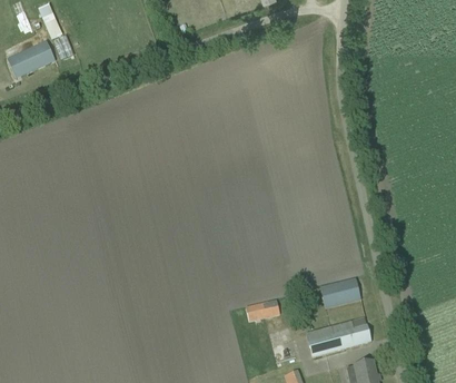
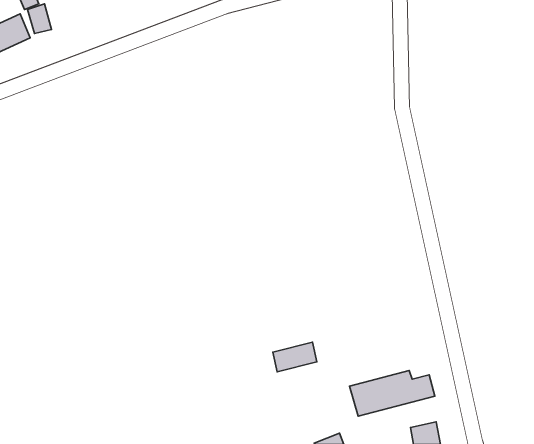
building: [319,278,360,307] -> none

